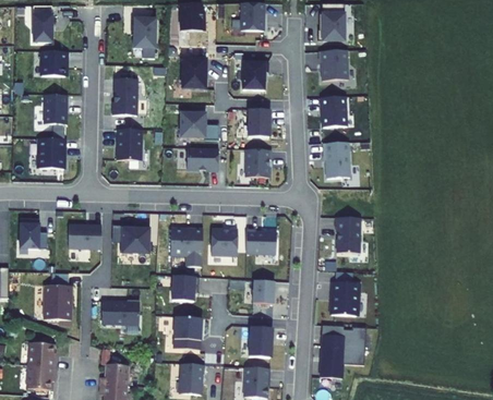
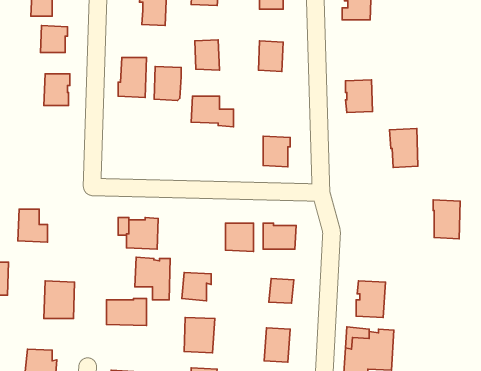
building: [321,51,349,81] -> none
building: [249,109,272,137] -> none
building: [117,126,142,158] -> [154,66,181,100]
building: [38,135,64,167] -> none
building: [325,143,351,179] -> [390,129,418,167]
building: [188,147,219,172] -> none
building: [337,218,362,254] -> [433,200,460,239]
building: [68,223,101,247] -> none
building: [170,228,203,267] -> [135,257,170,300]

